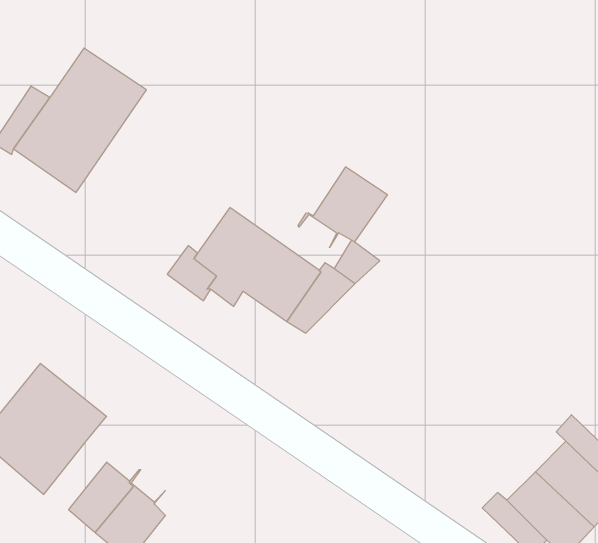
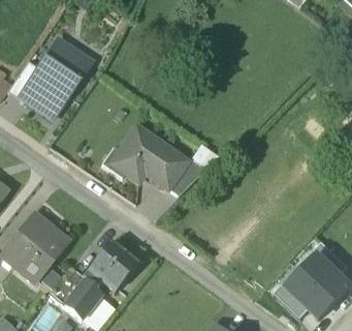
building: [298,167,387,247] -> none
building: none -> [83,242,136,292]

